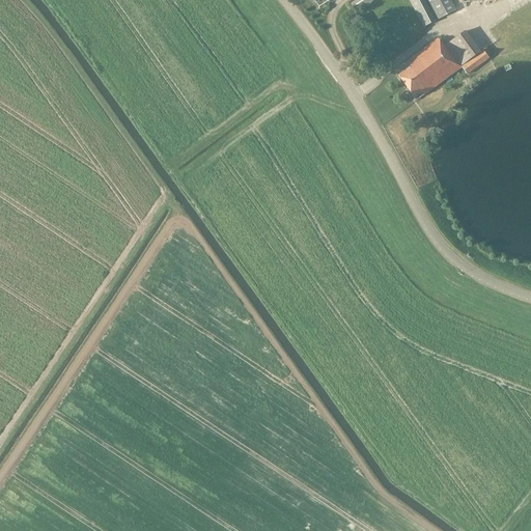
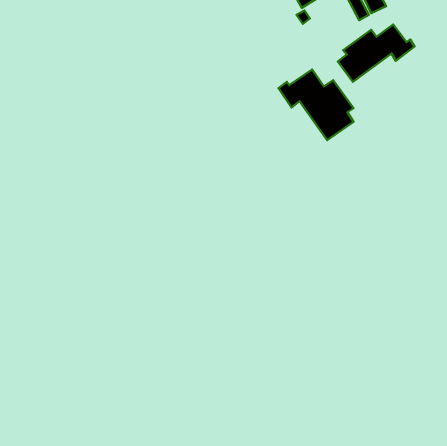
building: none -> [279,69,353,140]

